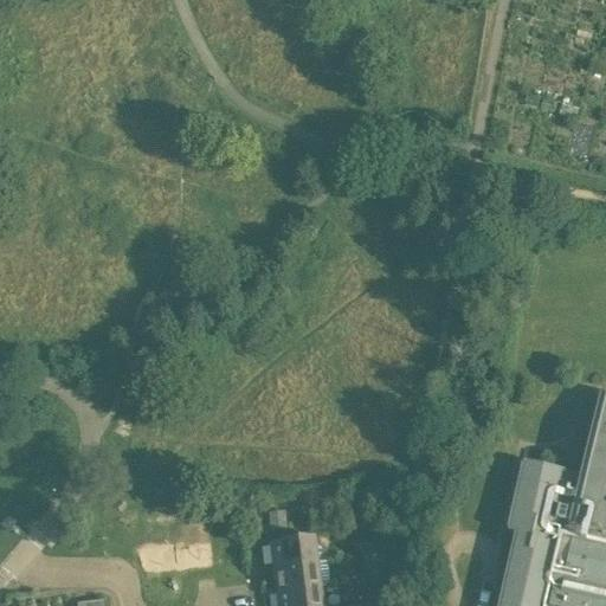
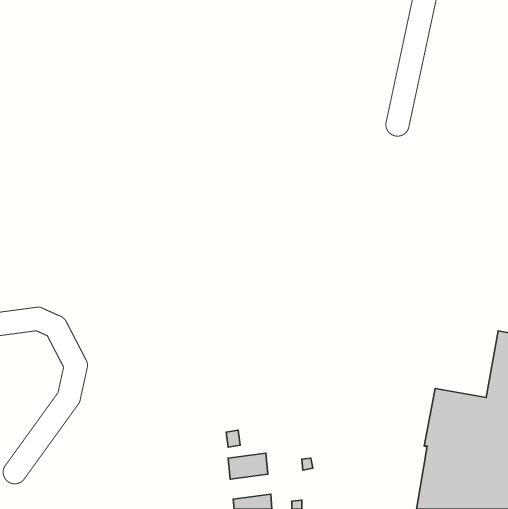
building: [275,562,330,593] -> none

